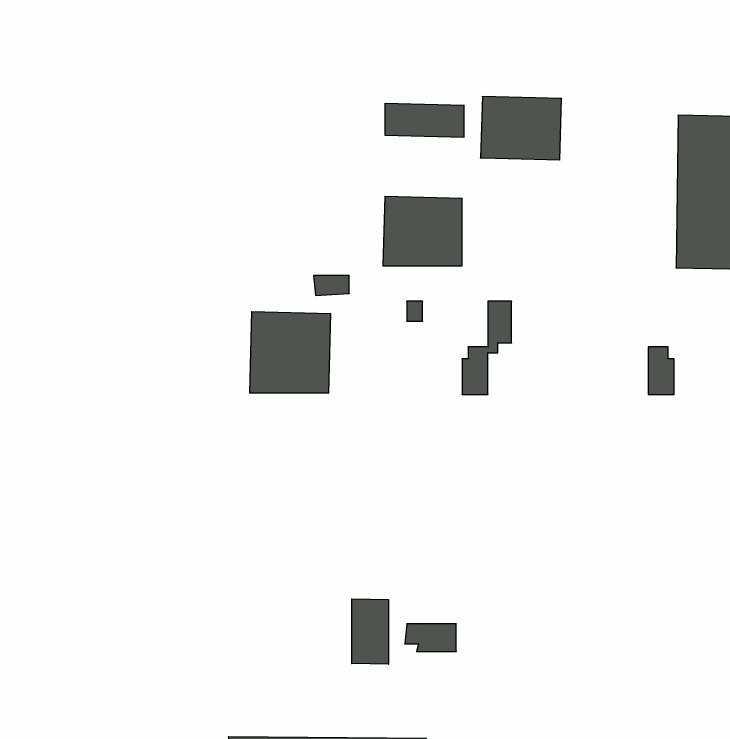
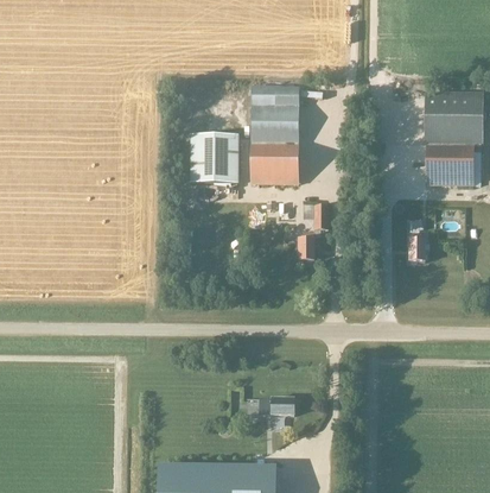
building: [480,97,562,160] -> [250,103,299,141]
building: [250,312,331,393] -> [190,132,238,181]
building: [352,599,388,664] -> none

